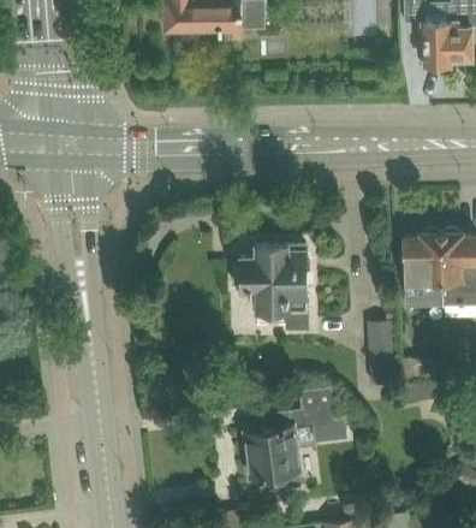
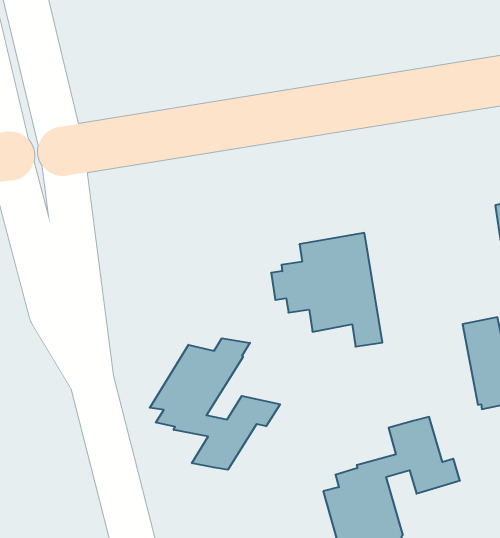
building: none -> [150,338,280,470]

